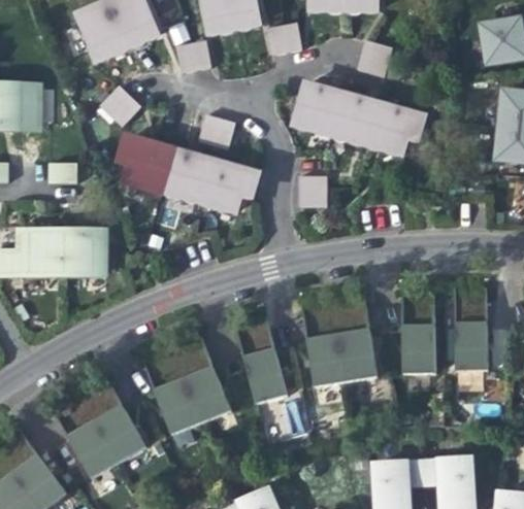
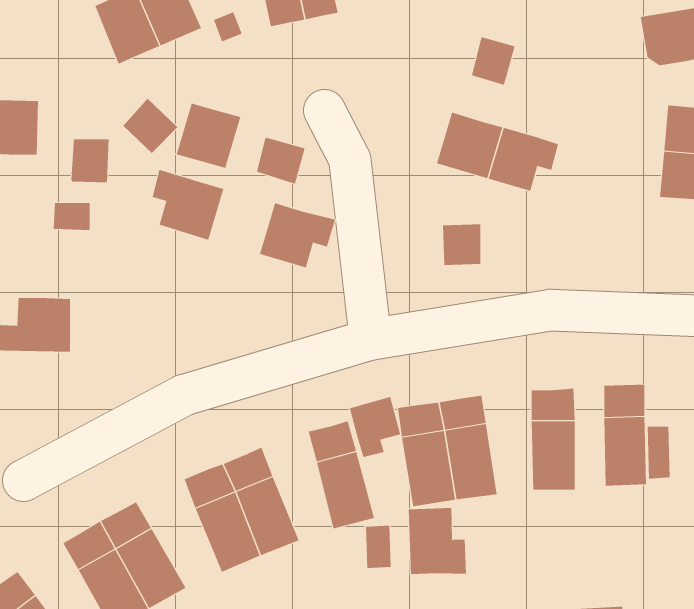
building: [266,22,301,56] -> none
building: [174,40,210,73] -> none
building: [293,84,342,134] -> none
building: none -> [71,138,109,183]
building: [163,152,211,201] -> [176,103,241,169]
building: [297,176,326,207] -> [442,224,481,266]
building: [61,234,103,273] -> none
building: none -> [349,396,401,458]
building: none -> [408,507,467,575]

